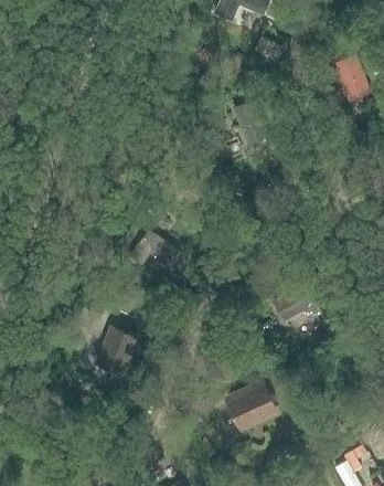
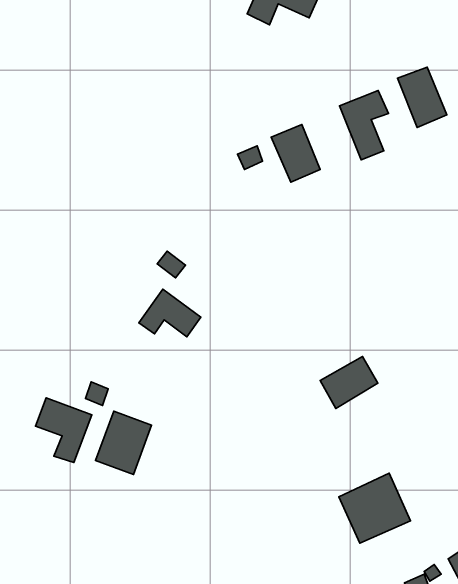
building: none -> [339,91,388,160]
building: none -> [36,398,92,463]
building: [224,380,280,435] -> [339,473,410,543]

